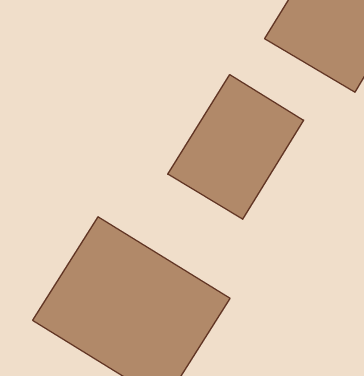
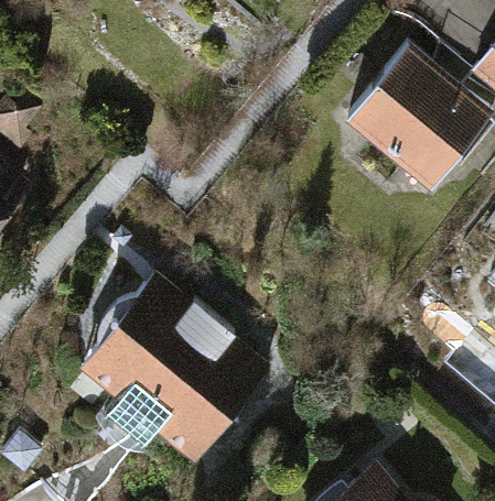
building: [168,75,304,219] -> none

